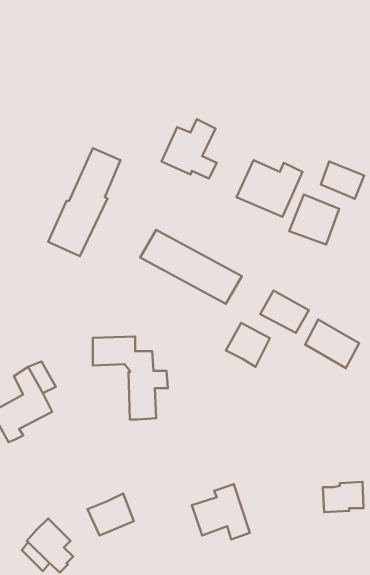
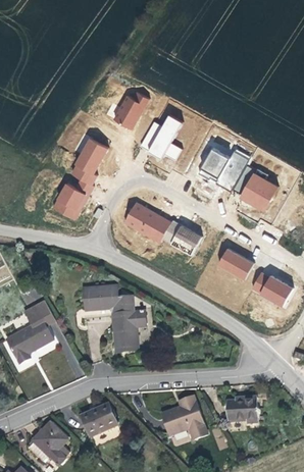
building: none -> [112,88,149,129]
building: [321,162,364,199] -> none
building: [226,323,270,367] -> none
building: [323,482,364,512] -> [226,398,258,421]

